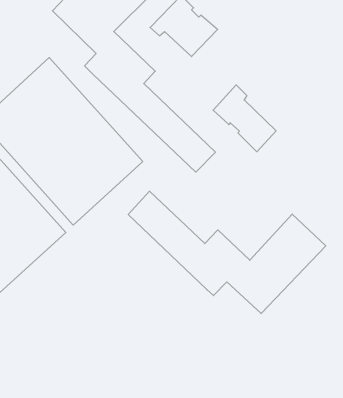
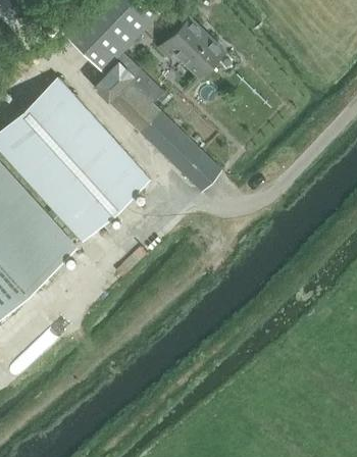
building: [213,85,276,152] -> none
building: [128,191,326,314] -> none

